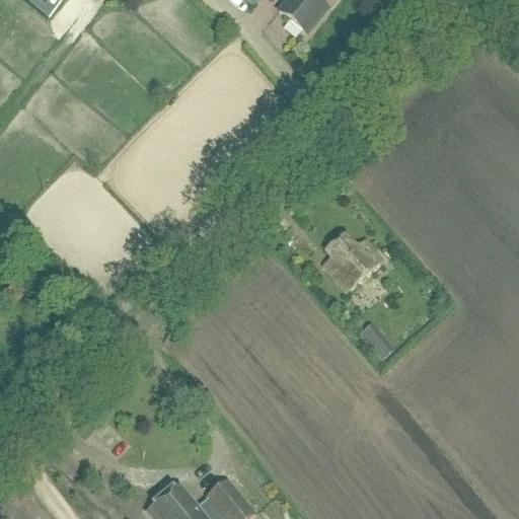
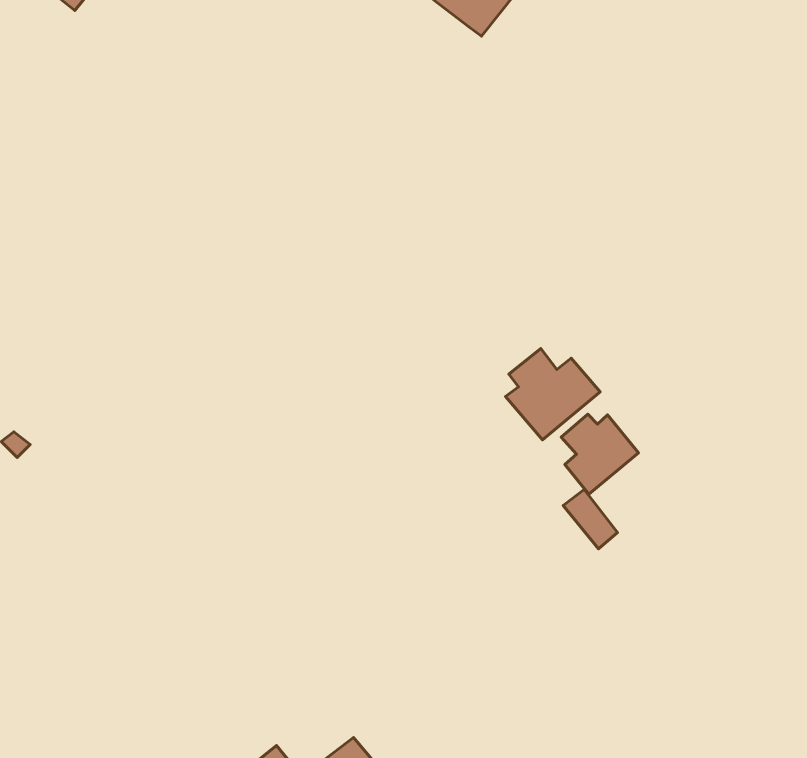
building: none -> [561,414,638,494]

